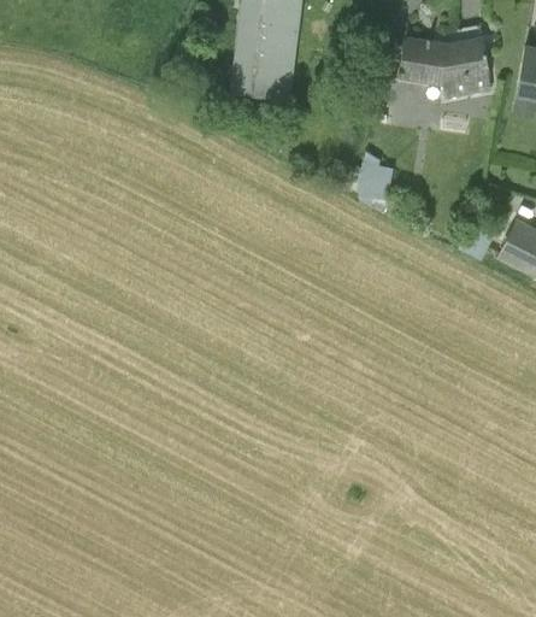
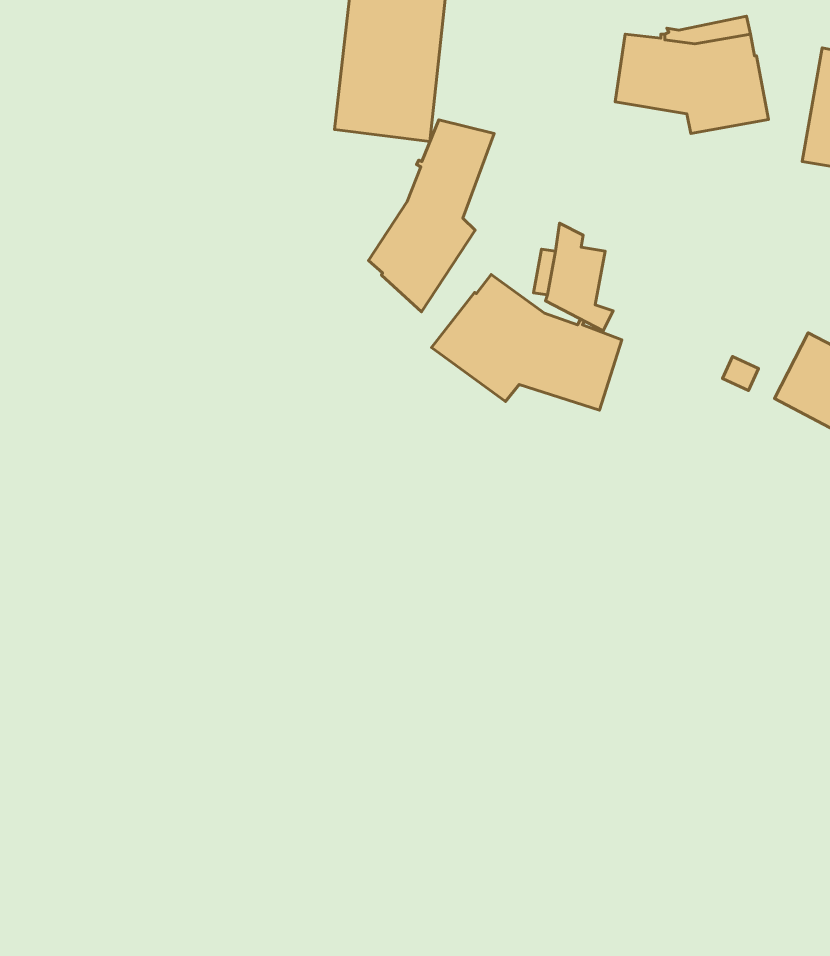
building: none -> [369,120,494,312]
building: none -> [431,274,622,410]

